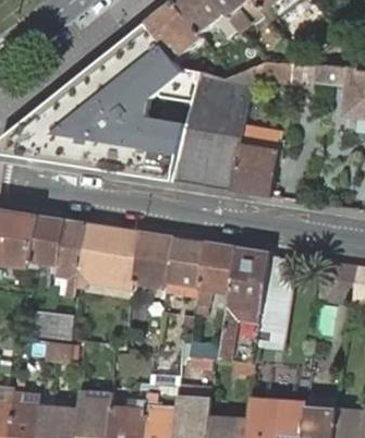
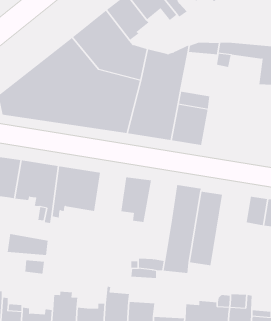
building: [130,231,170,294] -> none
building: [191,241,235,315] -> none

